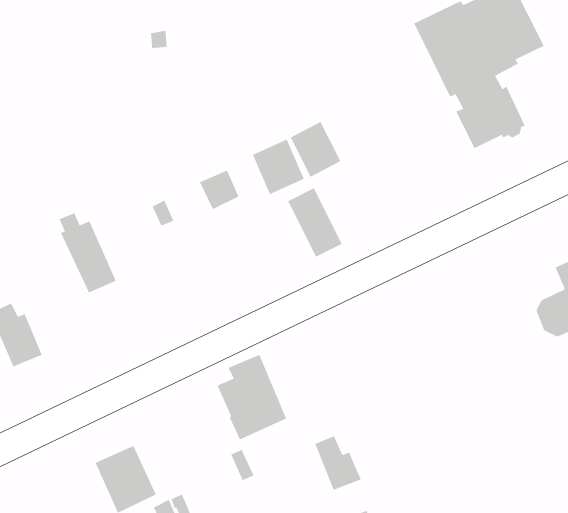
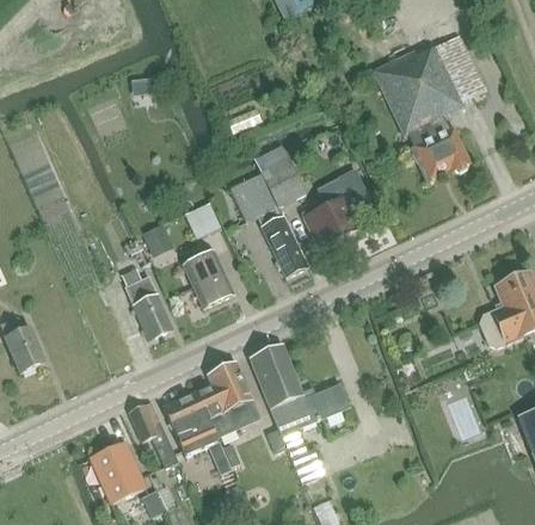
building: none -> [302,178,364,248]
building: [59,212,117,293] -> [122,268,173,340]
building: none -> [182,251,232,307]
building: none -> [251,344,350,433]
building: none -> [162,389,220,456]
building: none -> [129,401,179,467]

